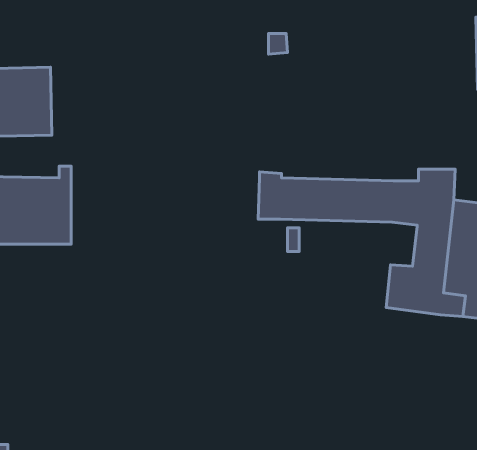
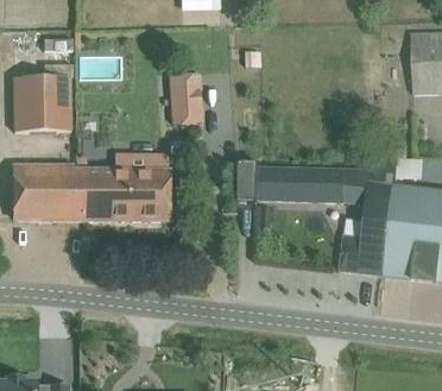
building: none -> [169,69,202,122]
building: none -> [86,164,169,220]

